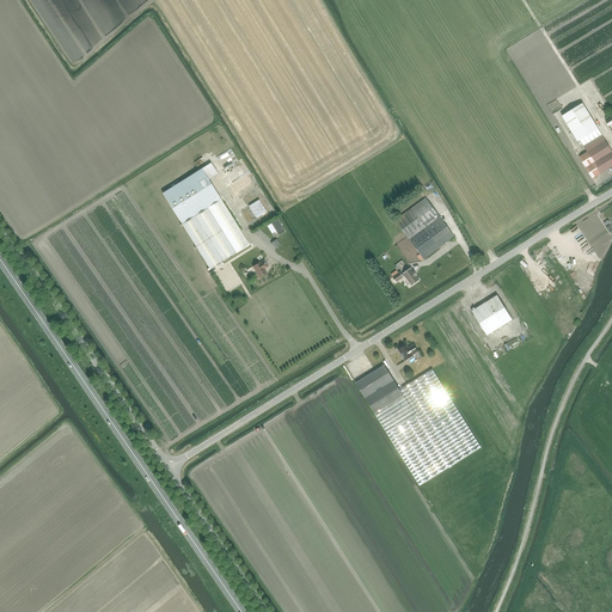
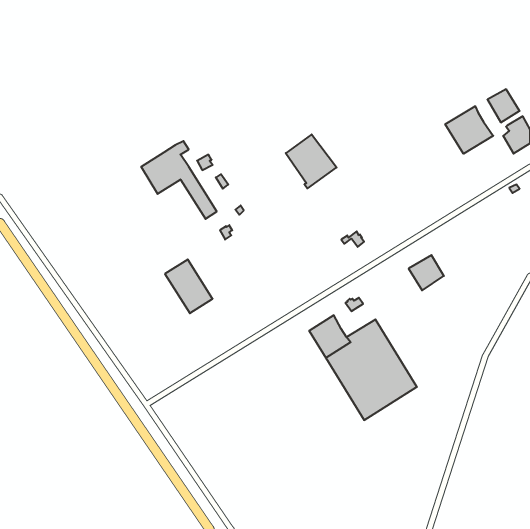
building: none -> [445,106,493,154]
building: [396,197,454,259] -> [286,134,337,188]
building: [182,207,237,269] -> [165,259,213,313]

